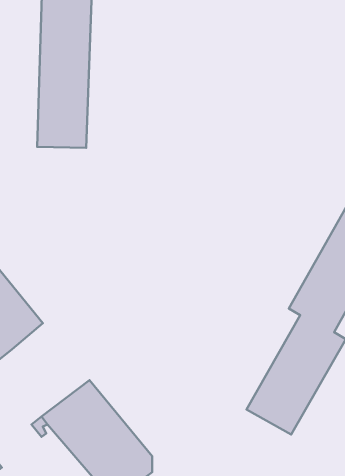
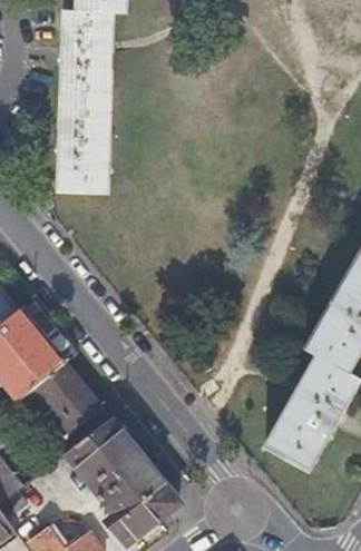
building: none -> [35,363,99,430]

